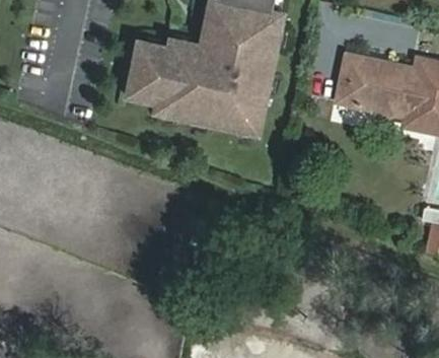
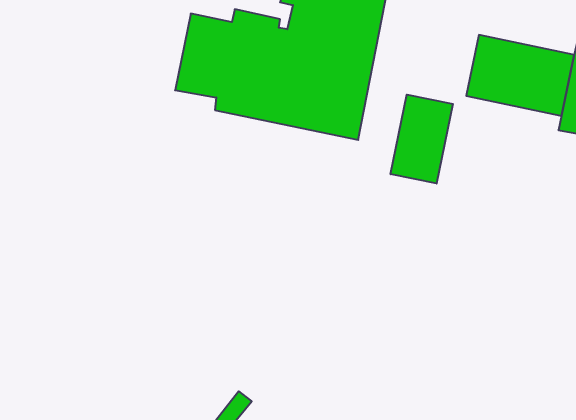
building: none -> [391,95,453,184]

